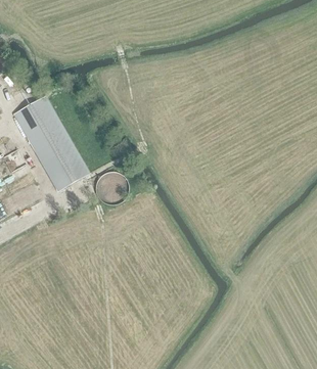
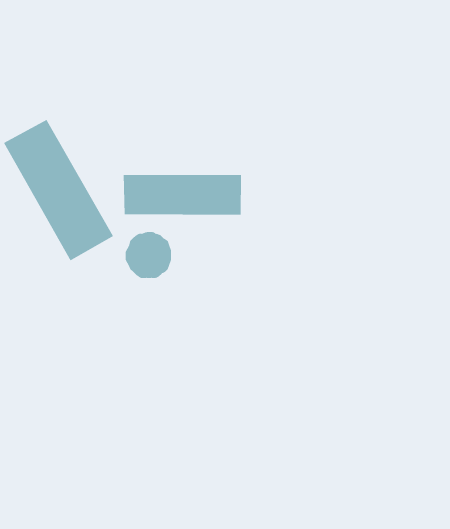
building: none -> [123,174,241,215]

